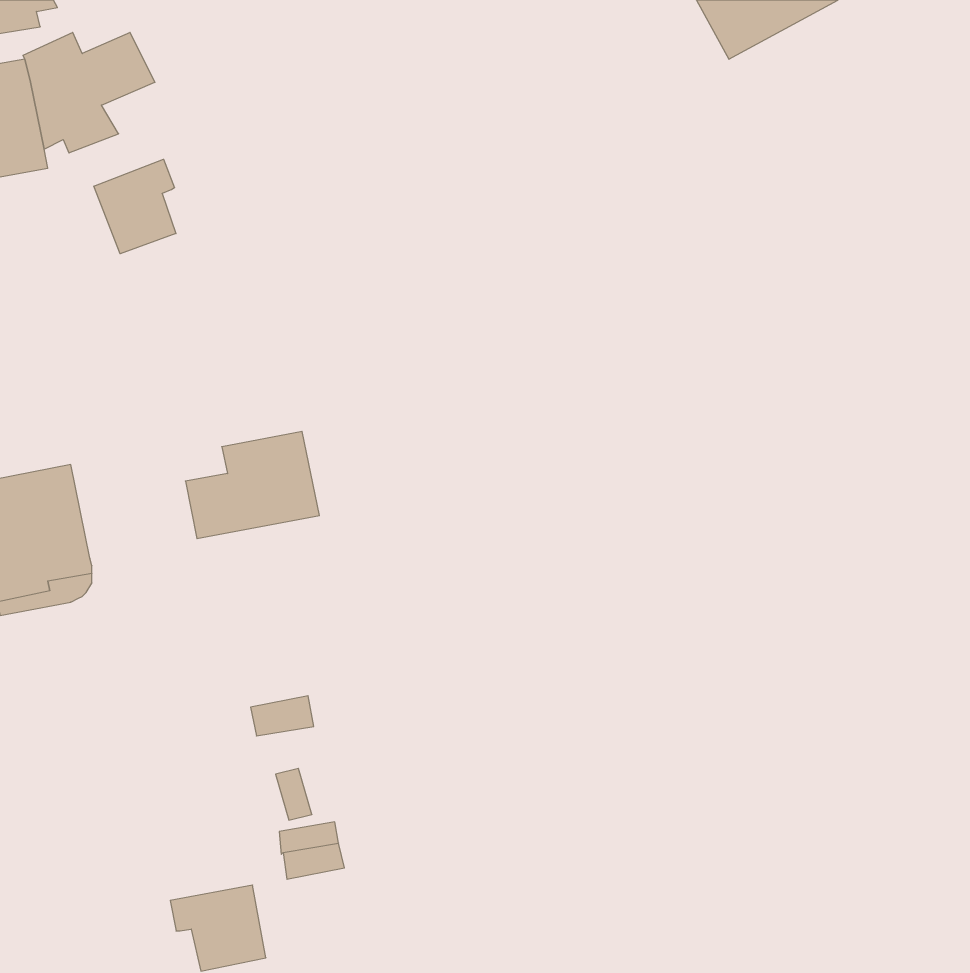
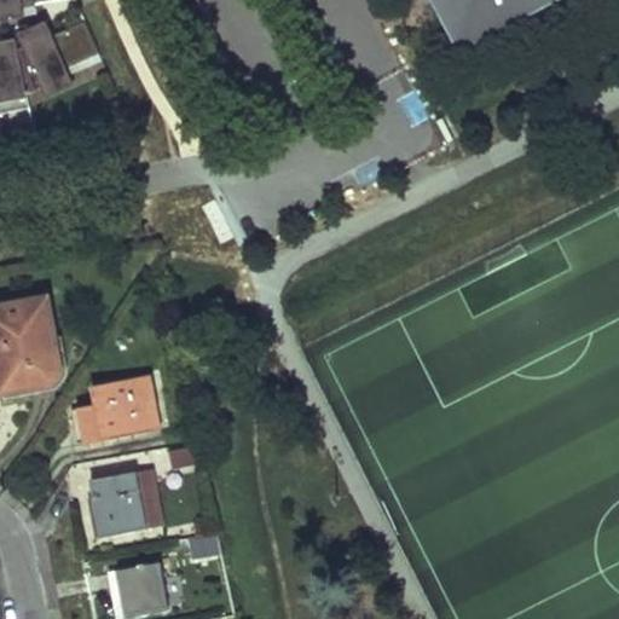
building: [94,159,176,254] -> none
building: [185,431,319,539] -> [74,371,158,439]
building: none -> [89,472,146,536]

